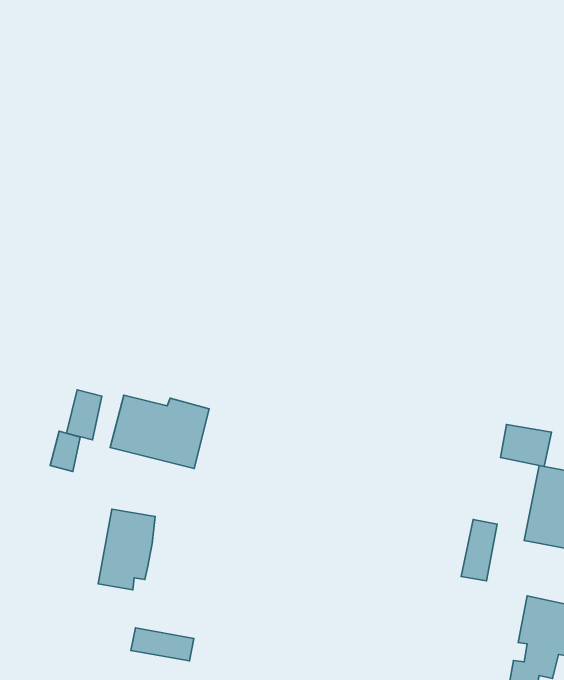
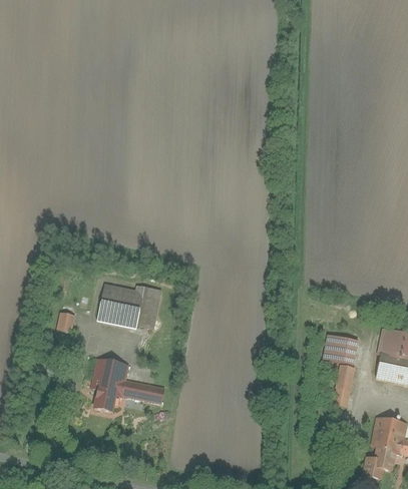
building: [66,390,102,440] -> none
building: [501,425,552,467] -> [324,336,358,364]
building: [131,628,194,661] -> [121,381,163,403]

